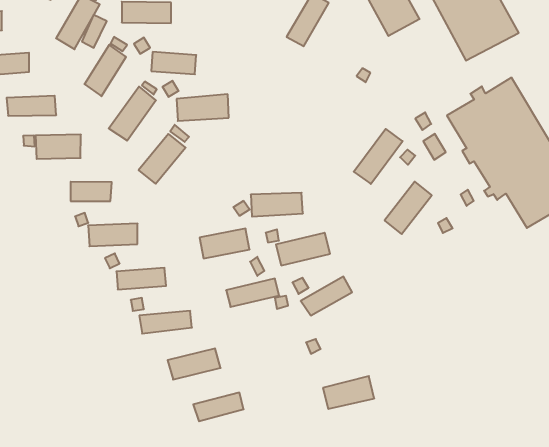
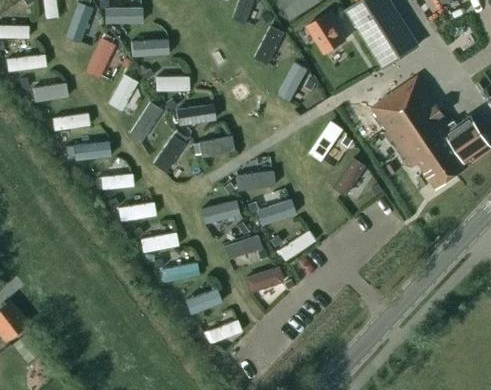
building: none -> [277,62,308,103]
building: none -> [201,137,234,158]
building: [323,376,374,409] -> [244,268,282,294]

